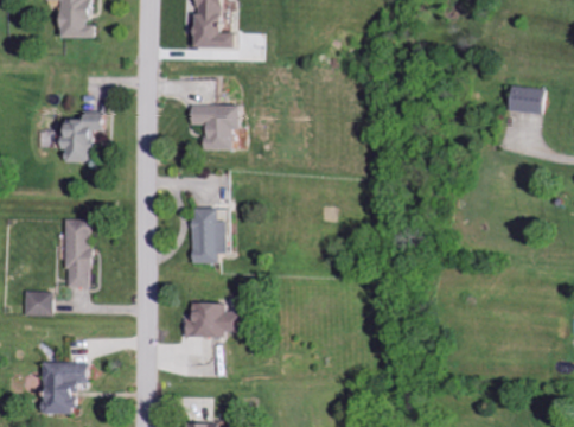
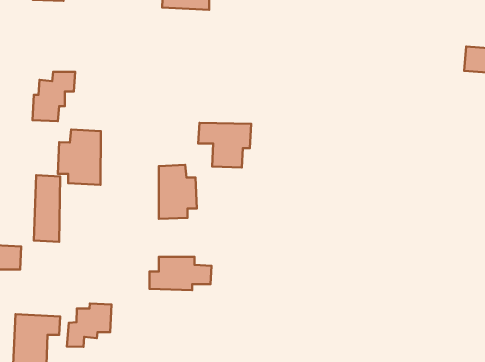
building: [191,103,245,149] -> [198,123,251,168]
building: none -> [58,130,101,185]
building: none -> [67,304,111,347]

